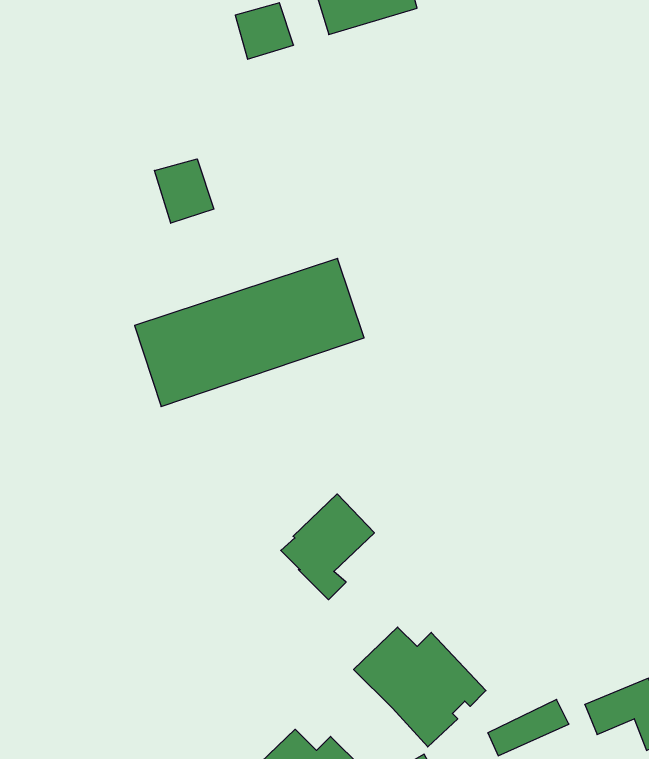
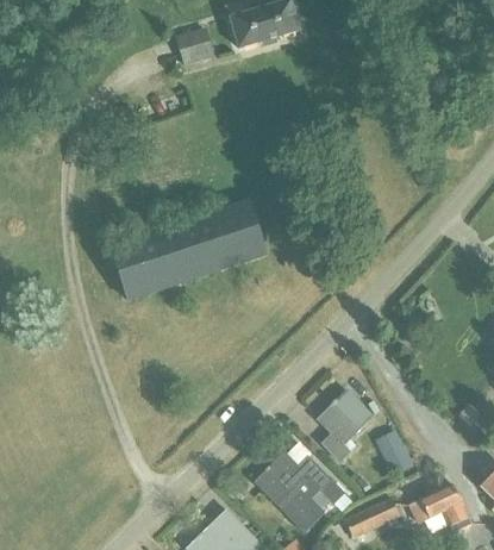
building: [154,159,214,223] -> none
building: [281,494,374,600] -> [308,390,371,462]
building: none -> [377,430,414,477]

